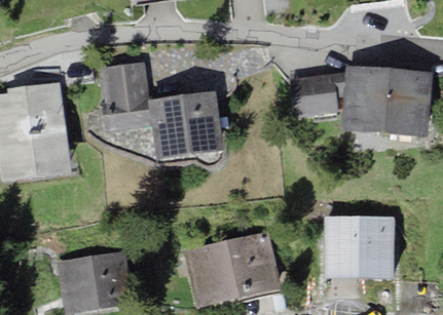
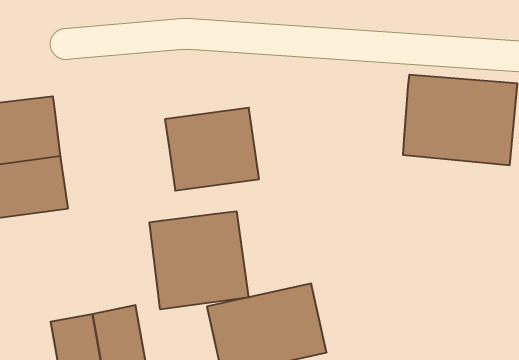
building: [102,63,153,133] -> none
building: [290,74,345,117] -> none
building: none -> [150,211,249,309]
building: [324,218,393,278] -> none

